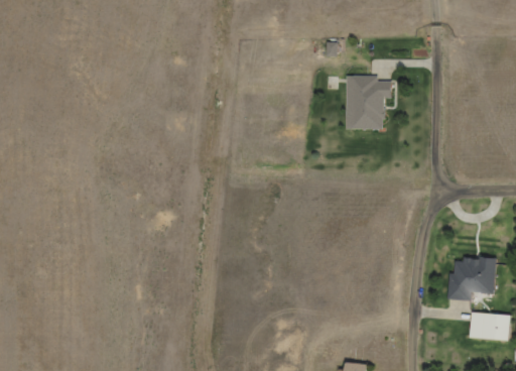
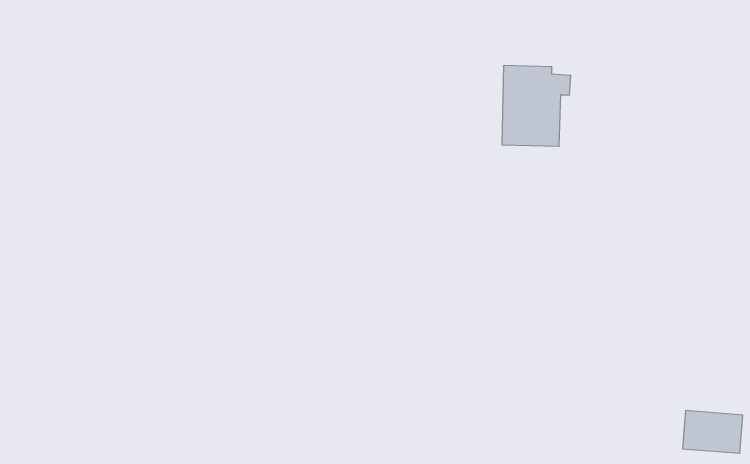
building: [446,257,497,301] -> none

